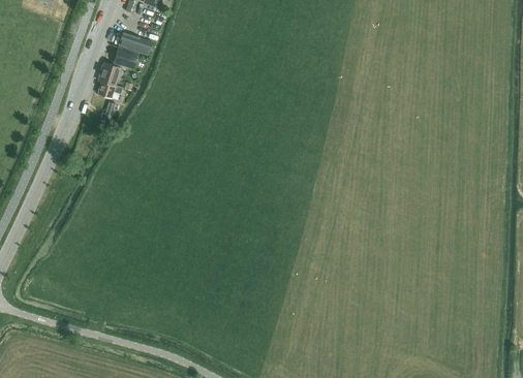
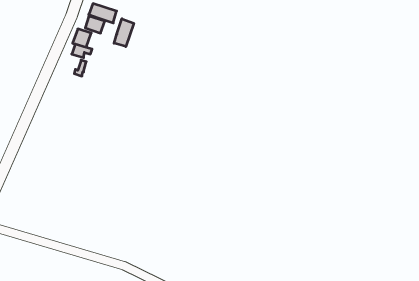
building: none -> [114,19,134,47]

